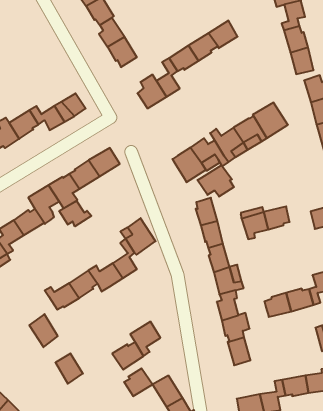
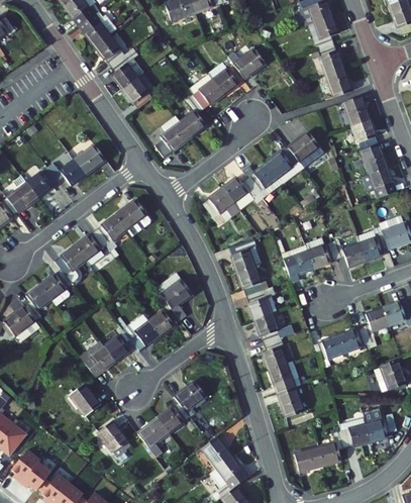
building: [197,165,234,197] -> none
building: [59,201,91,226] -> none
building: none -> [330,238,363,268]
building: [124,368,152,396] -> [142,414,173,444]

